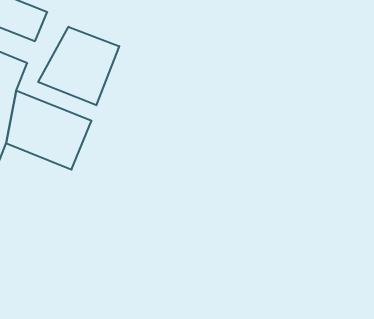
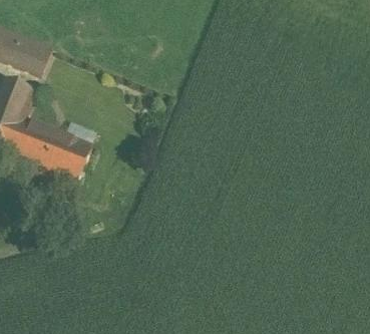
building: [38,27,119,105] -> none

